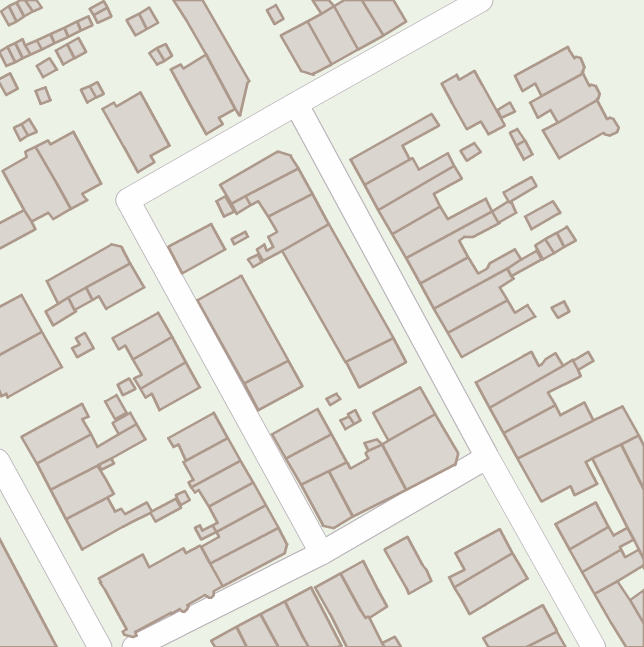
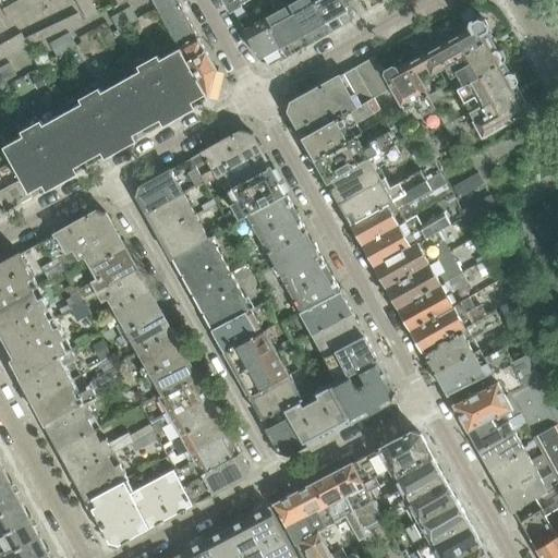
building: none -> [409,19,489,73]
building: none -> [288,57,389,137]
building: none -> [121,60,178,125]
building: none -> [63,94,119,158]
building: none -> [135,170,182,213]
building: none -> [157,215,207,258]
building: none -> [92,247,136,291]
building: none -> [398,272,466,329]
building: none -> [310,312,362,355]
building: none -> [5,316,71,376]
building: none -> [222,331,274,374]
building: none -> [137,333,184,377]
building: none -> [466,418,515,451]
building: none -> [351,432,430,490]
building: none -> [71,450,126,498]
building: none -> [313,473,380,532]
building: none -> [404,498,468,549]

